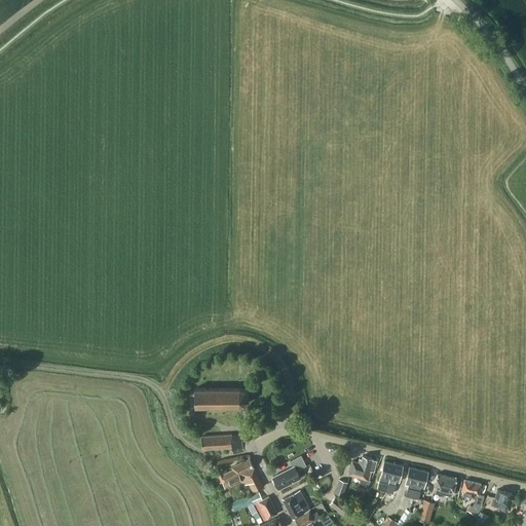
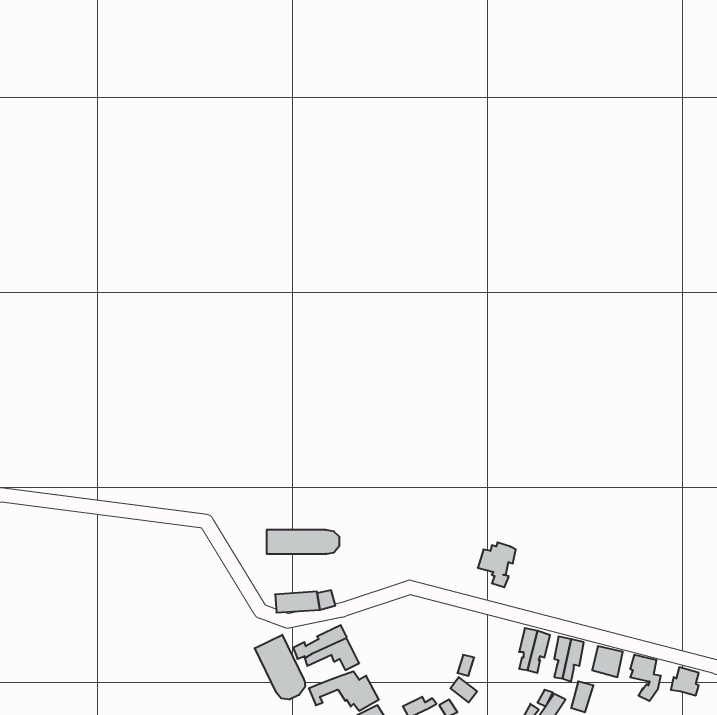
building: [272,456,306,489] -> none
building: [348,456,376,489] -> [478,542,516,587]
building: none -> [255,635,305,700]
building: [283,491,310,519] -> none

